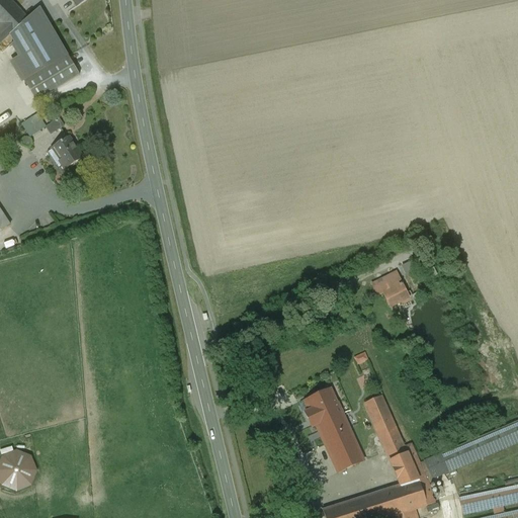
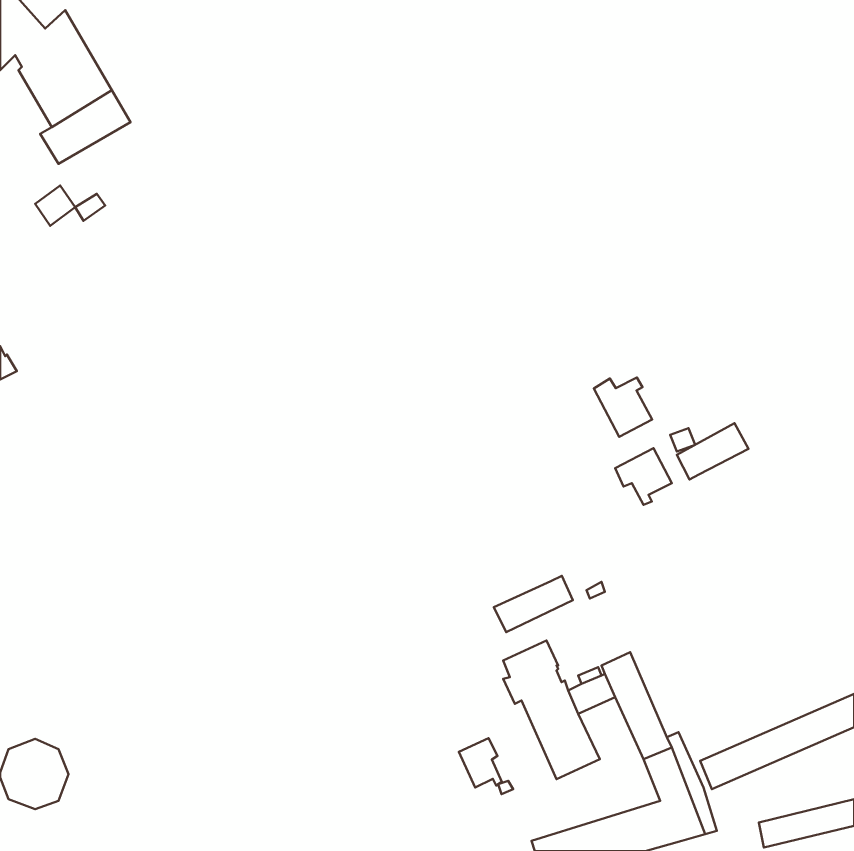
building: [47,136,83,169] -> none
building: none -> [594,378,652,437]
building: none -> [677,423,749,480]
building: none -> [494,576,573,632]
building: none -> [459,738,502,787]

